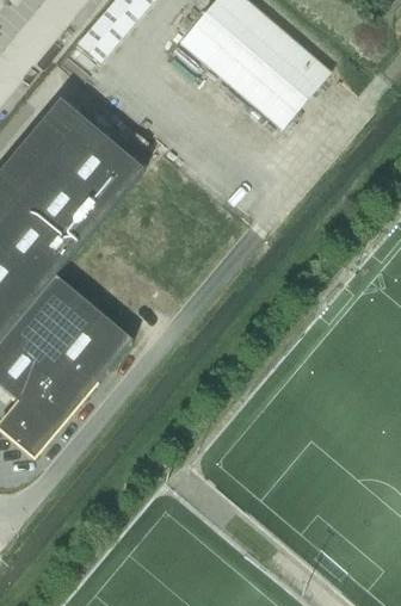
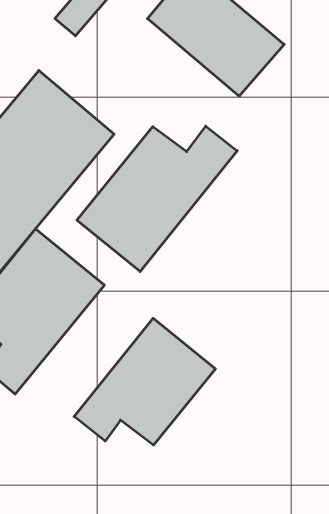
building: none -> [77,126,237,272]
building: none -> [74,318,215,445]

